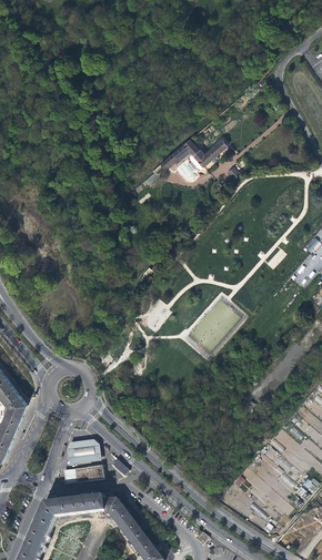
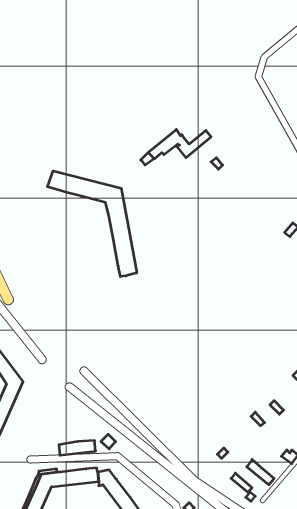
building: none -> [47,171,137,277]
building: [69,439,101,465] -> none

